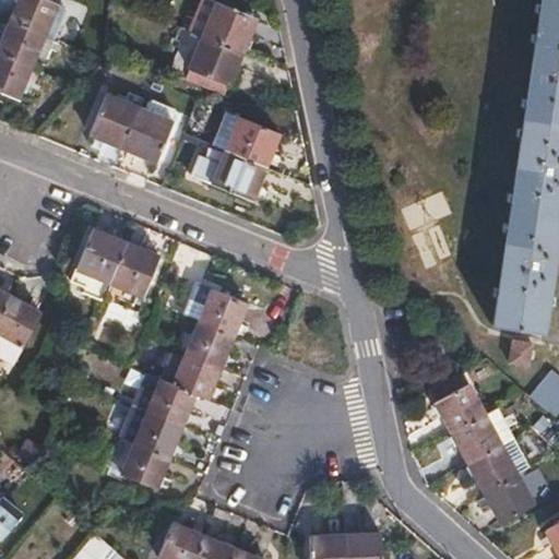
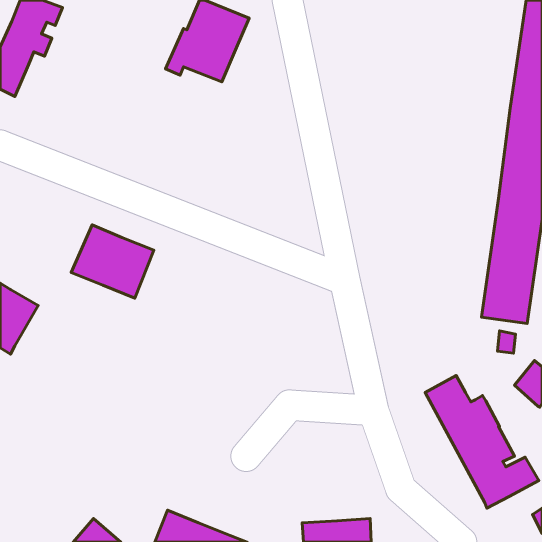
building: [92,96,173,163] -> none
building: [191,114,277,199] -> none
building: [107,287,247,489] -> none

